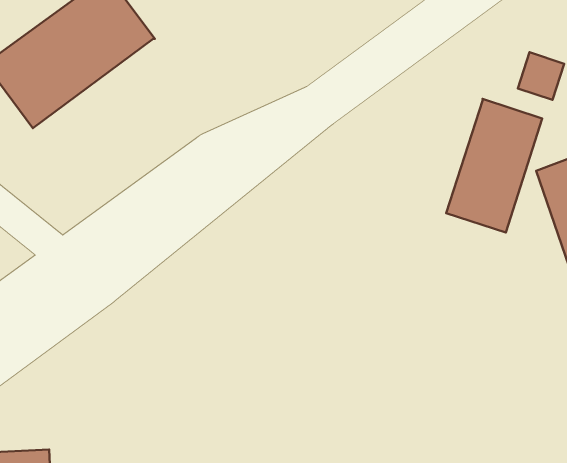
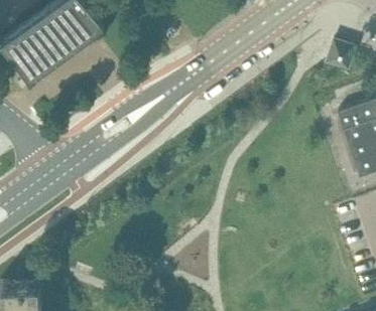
building: [446,99,542,233] -> none

